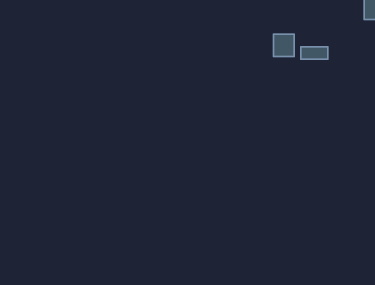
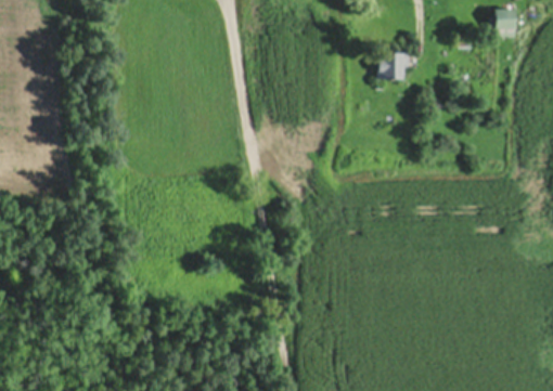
building: [301,47,328,59] -> none

